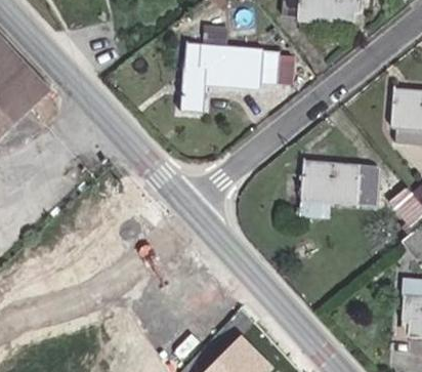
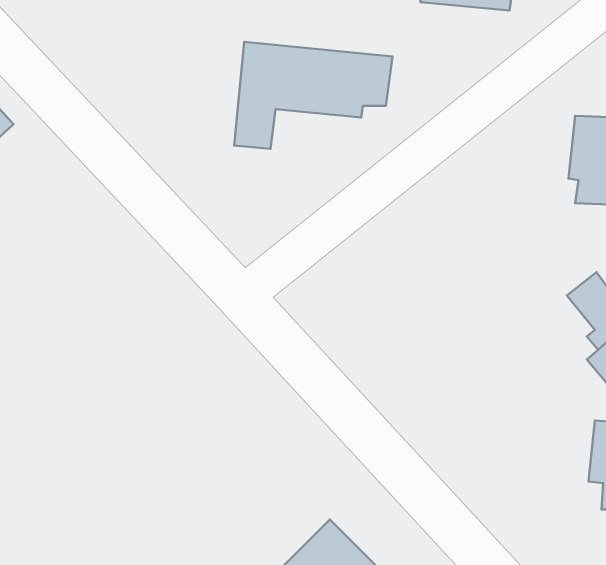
building: [300,158,380,207] -> none

